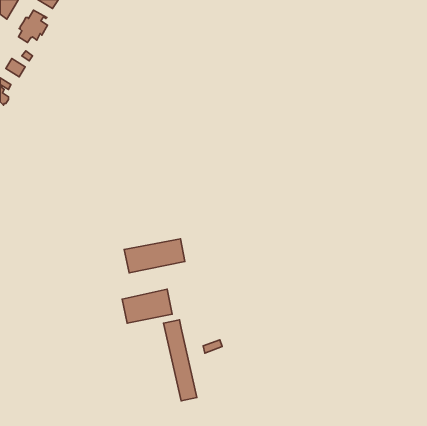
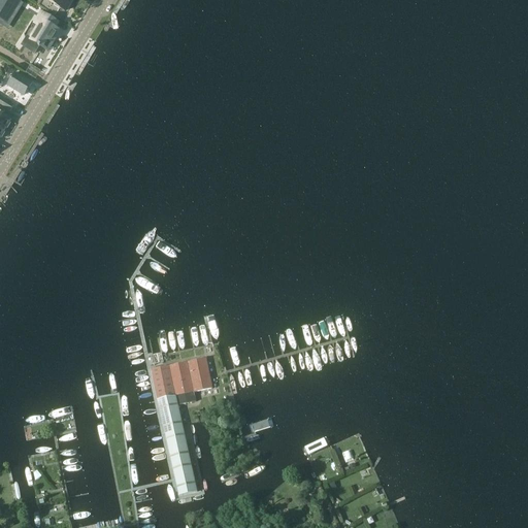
building: [124,239,185,273] -> none
building: [163,320,197,401] -> [157,395,198,495]

